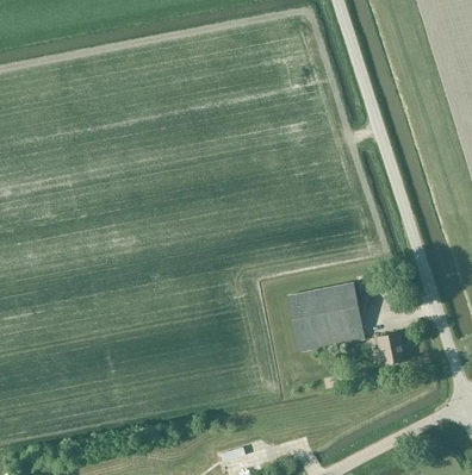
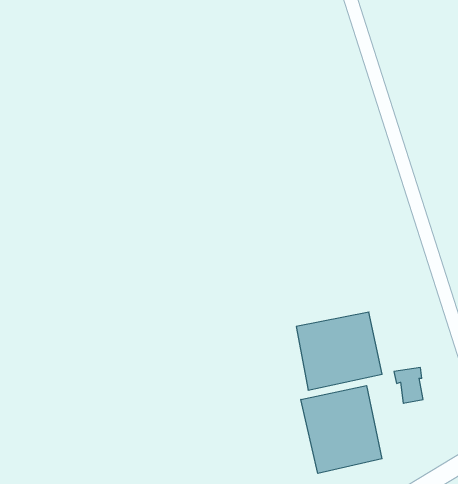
building: none -> [301,386,382,473]

